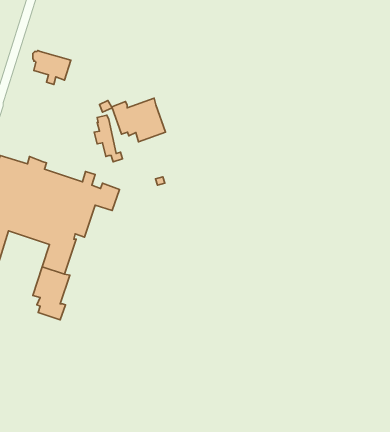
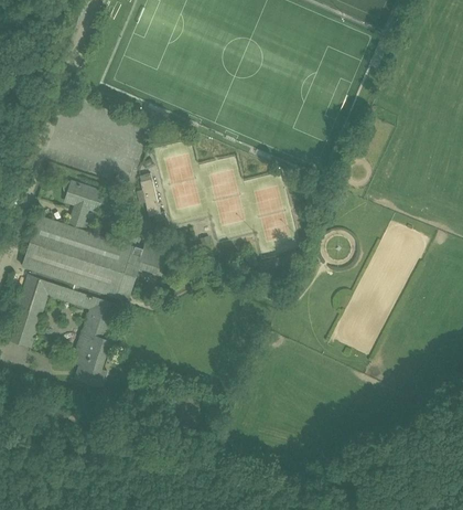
building: [33,50,71,84] -> [62,181,101,216]
building: [112,98,166,142] -> none

